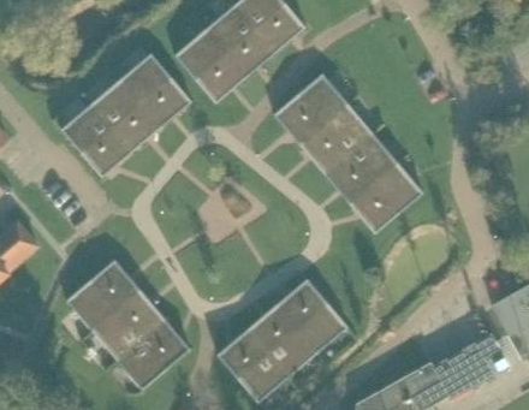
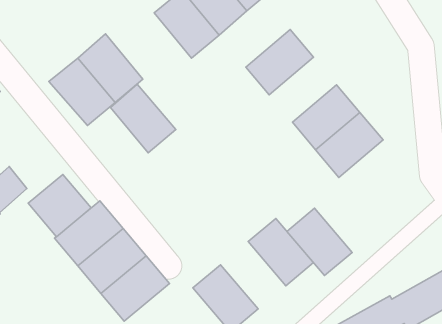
building: [121,53,192,127] -> [110,84,176,153]
building: [299,103,373,174] -> none
building: none -> [28,174,91,237]
building: [246,304,317,378] -> [287,208,352,276]

